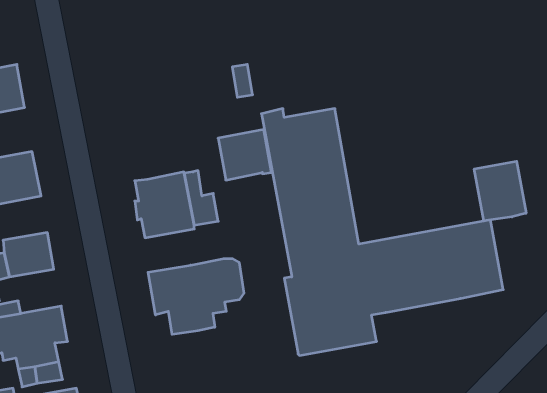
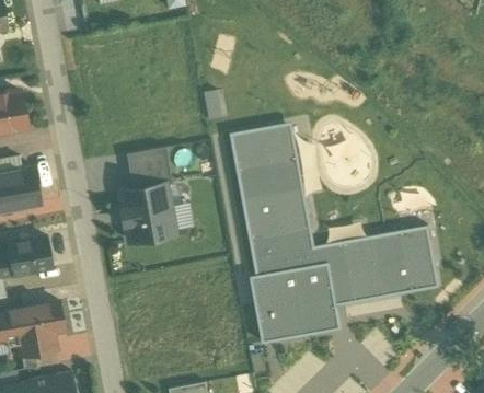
building: [218,129,271,180] -> [125,147,171,190]
building: [474,161,526,221] -> none
building: [148,259,244,334] -> none

